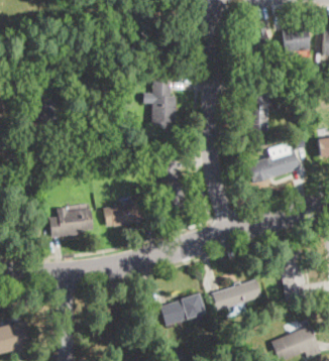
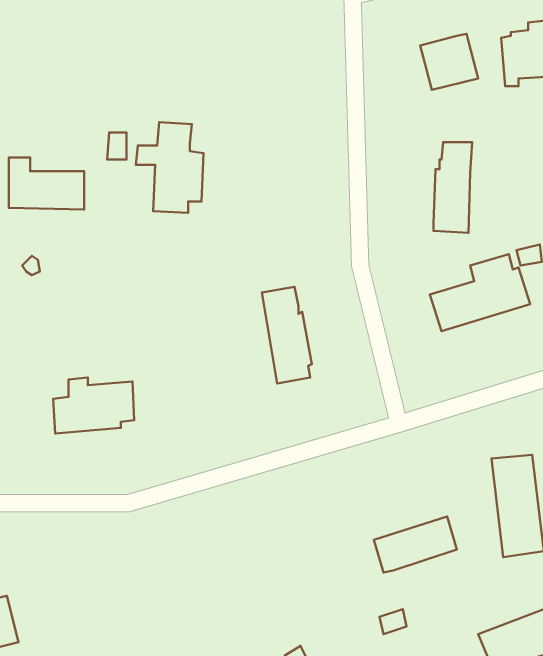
building: [141,82,177,129] -> [136,122,203,213]
building: [103,199,144,227] -> none
building: [159,293,207,326] -> none

